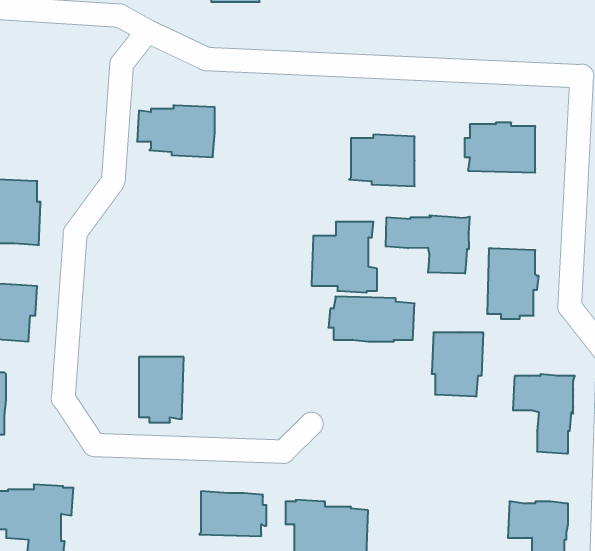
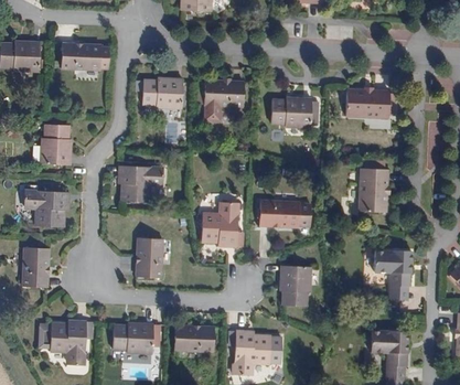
building: none -> [57,42,109,71]
building: none -> [203,76,247,120]
building: [386,215,470,274] -> none
building: [312,222,377,293] -> [201,202,243,247]
building: none -> [117,163,162,201]
building: [432,333,483,396] -> [278,265,311,306]
building: none -> [111,321,160,354]

